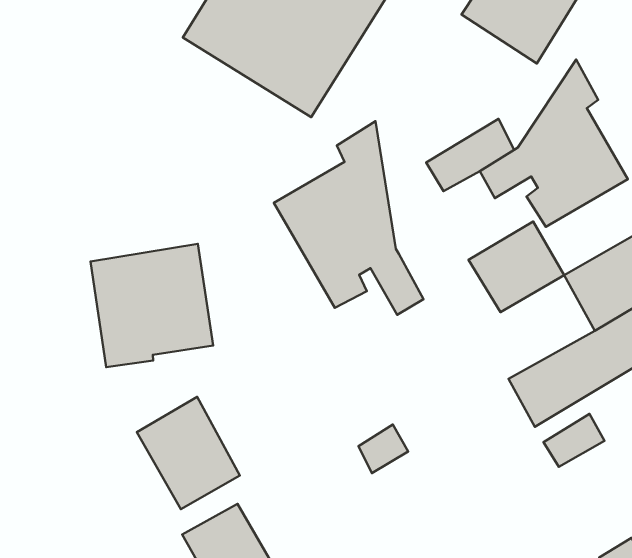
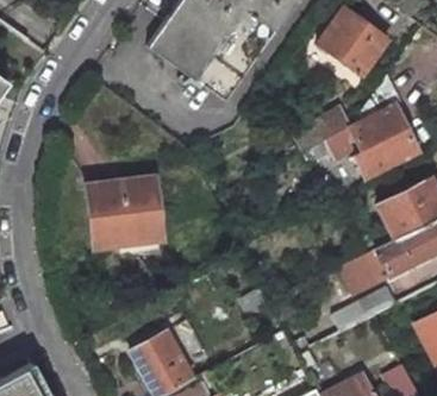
building: [274,121,423,315] -> none
building: [469,221,564,312] -> none
building: [137,397,240,509] -> none

